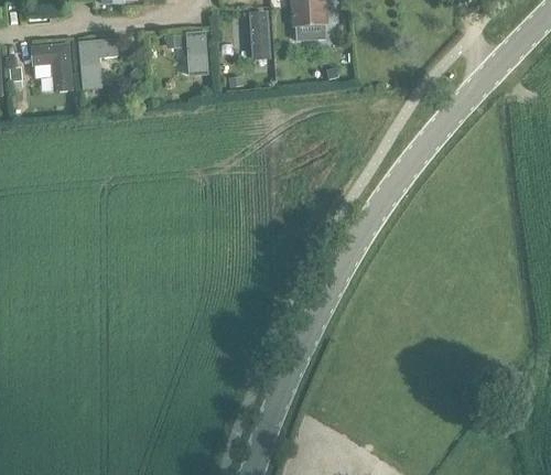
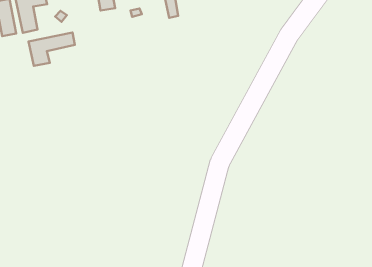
building: none -> [29,32,75,66]

